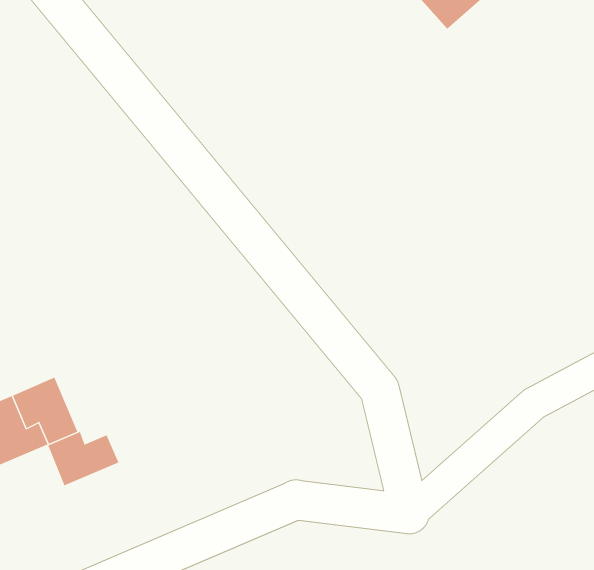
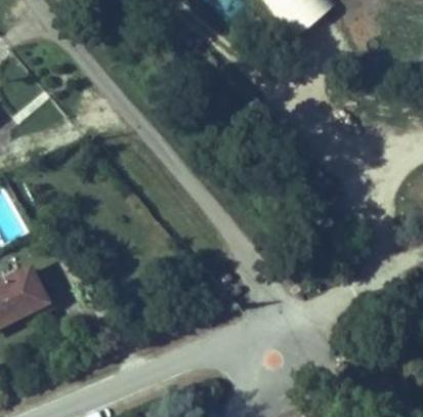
building: [47,431,119,486] -> none

